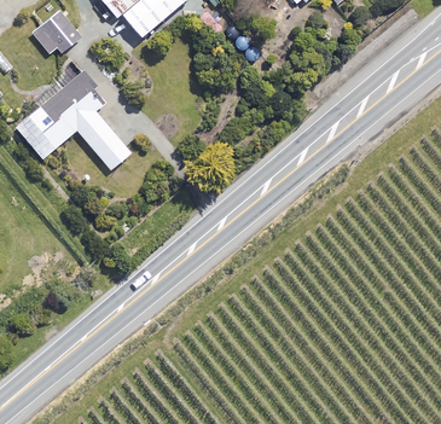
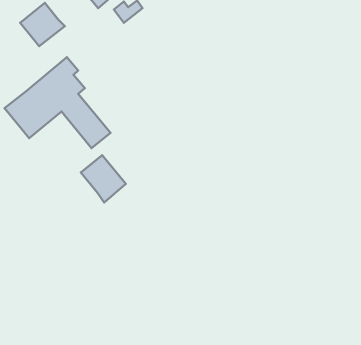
building: none -> [81,155,126,202]

